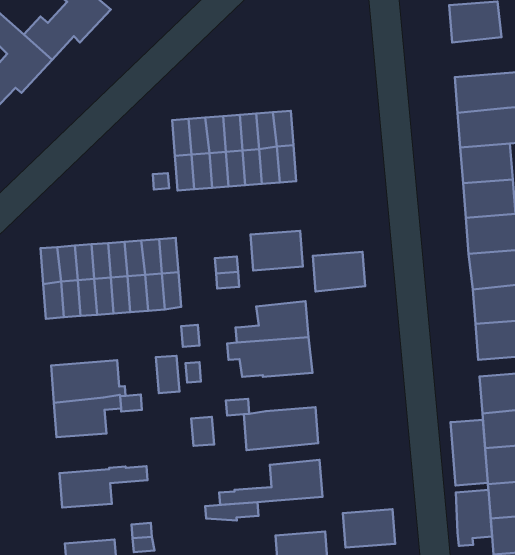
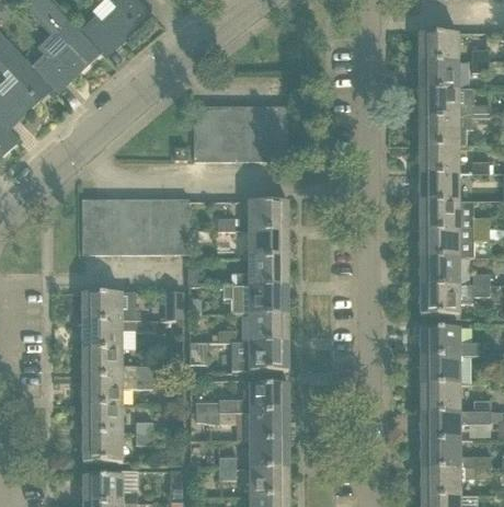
building: none -> [419,61,458,90]
building: [313,252,365,292] -> [248,230,287,258]
building: none -> [249,314,288,342]
building: [450,420,488,485] -> none
building: none -> [82,349,151,378]
building: [456,490,492,546] -> none
building: none -> [82,405,122,434]
building: [343,509,395,548] -> [249,413,288,440]

